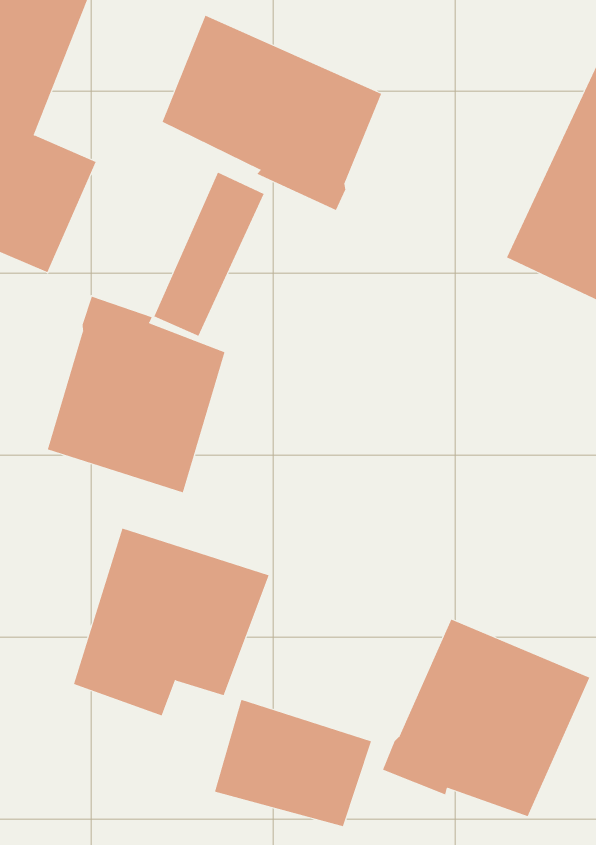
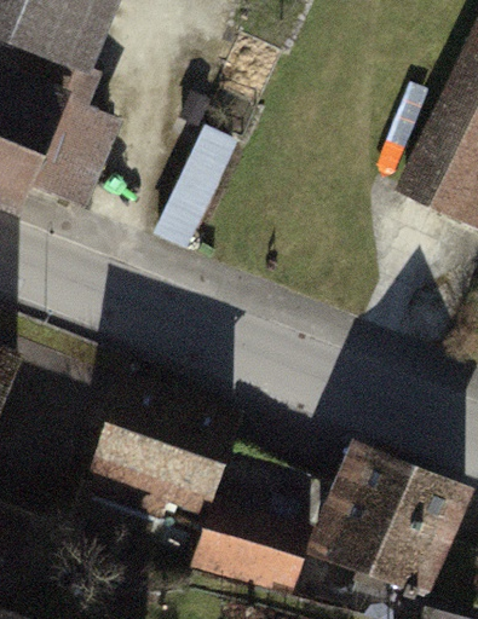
building: [162,15,382,211] -> none
building: [47,296,225,493] -> none

